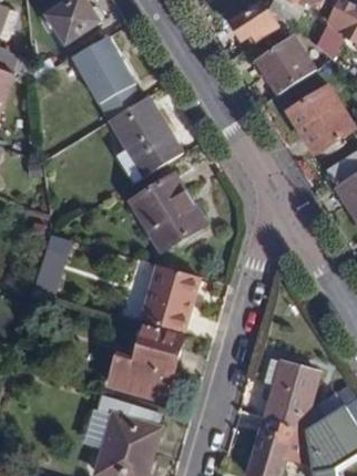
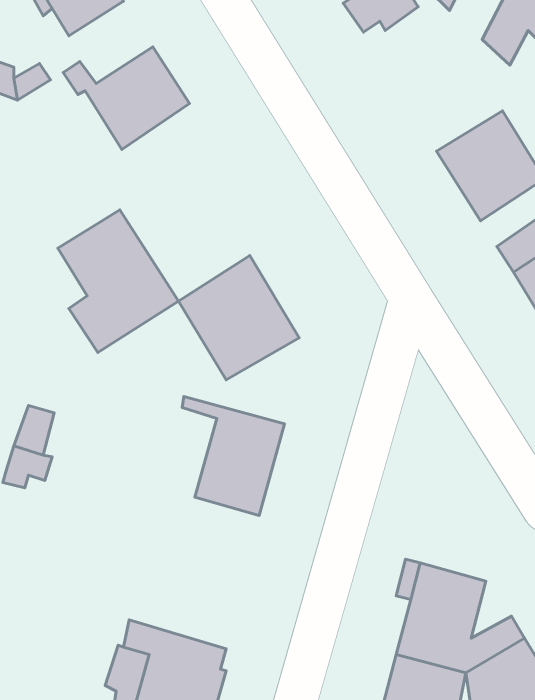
building: [255,34,315,94] -> none
building: [109,95,182,182] -> [58,210,179,353]
building: [110,329,180,399] -> none

